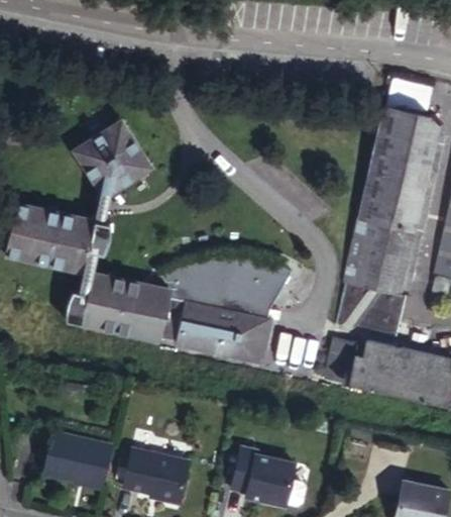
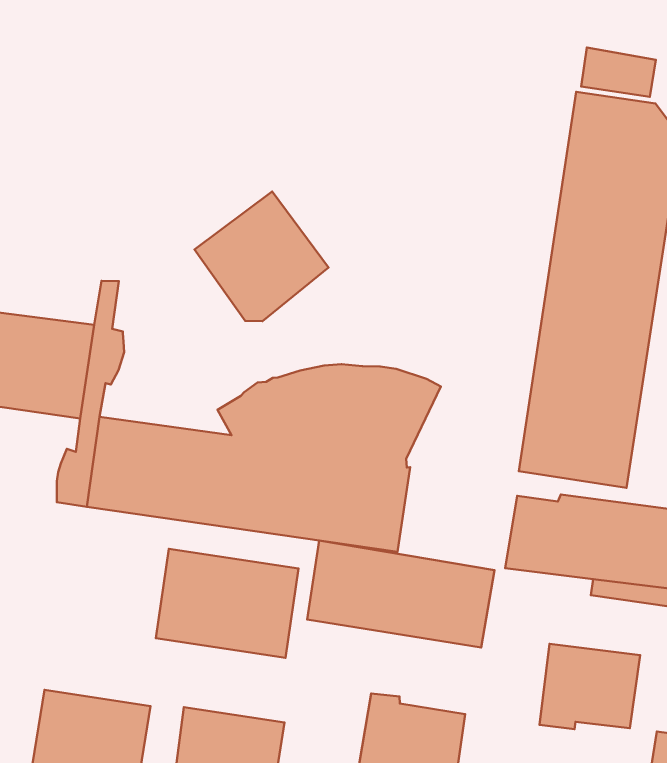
building: [76,122,152,197] -> [194,191,328,321]
building: none -> [156,549,299,658]
building: none -> [307,541,494,647]
building: none -> [540,644,640,729]

